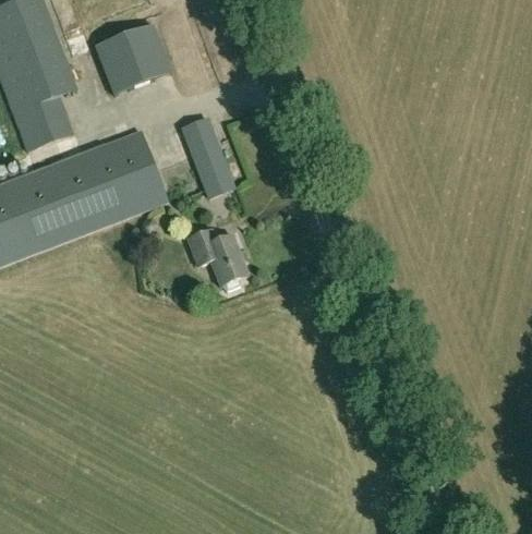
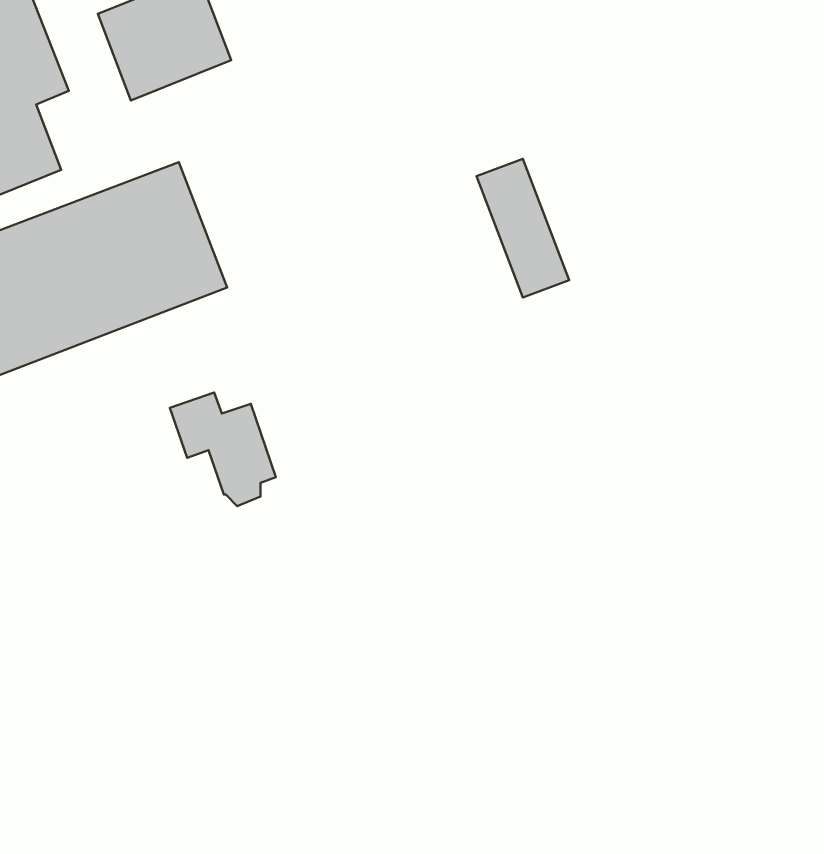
building: [181,118,233,196] -> [476,159,569,297]
building: [186,227,246,291] -> [170,392,276,506]

